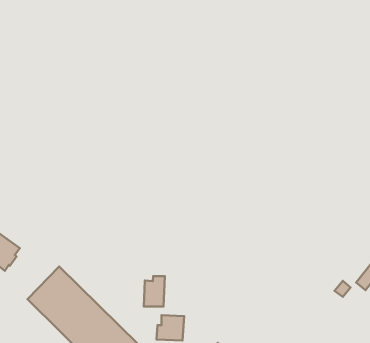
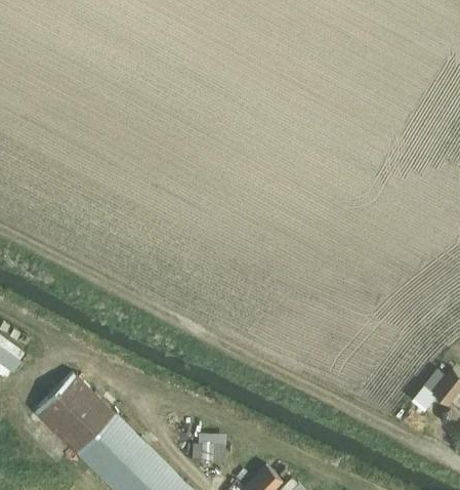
building: [144,276,165,307] -> none

